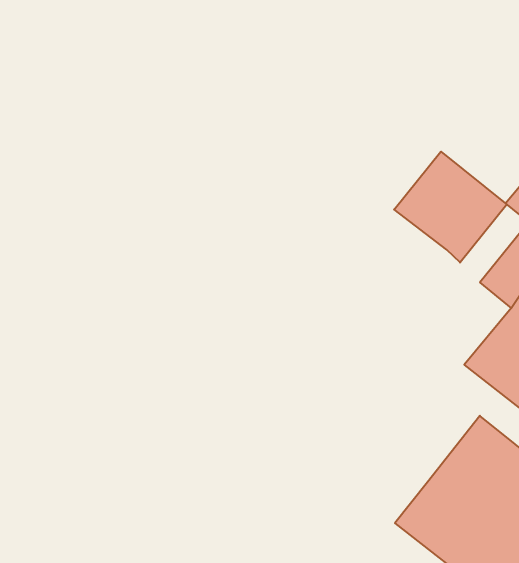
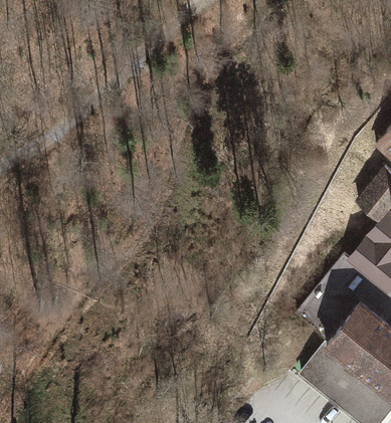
building: [394,152,507,263] -> none

